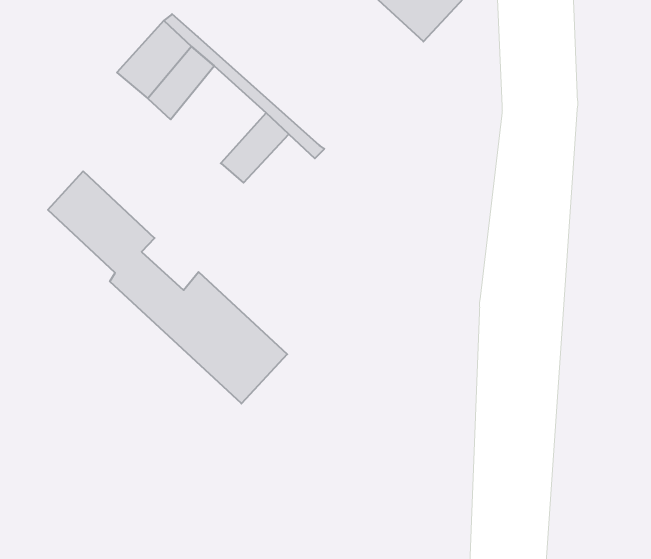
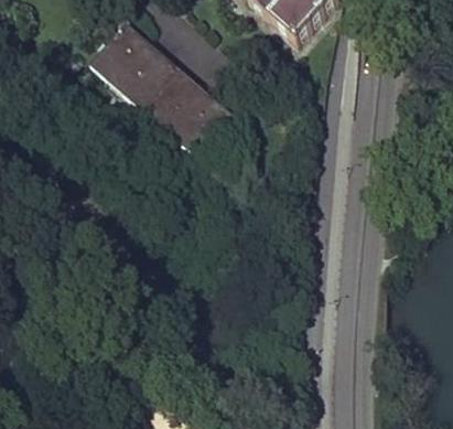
building: none -> [120,52,185,118]
building: none -> [170,98,218,149]
building: [48,171,287,404] -> none

